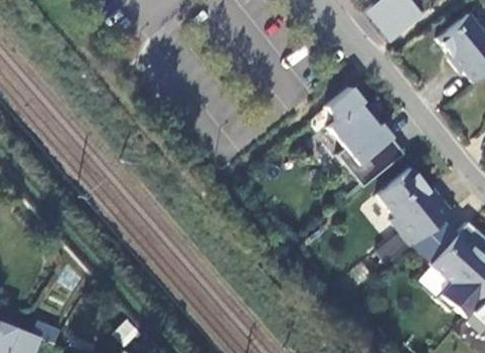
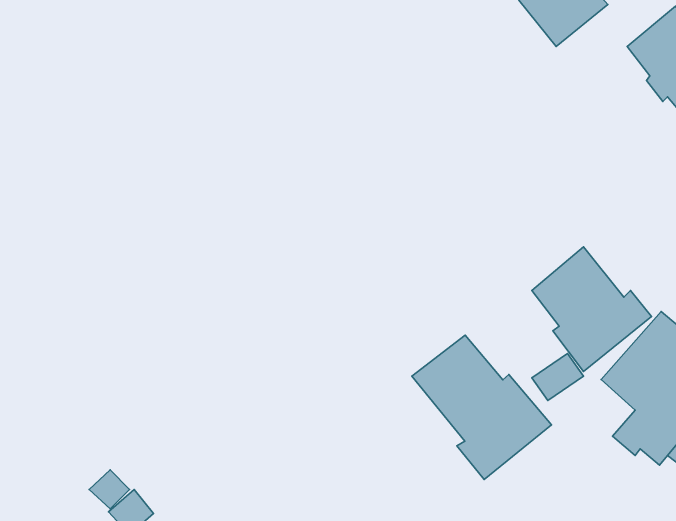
building: [326,102,401,184] -> none
building: none -> [412,335,551,479]

